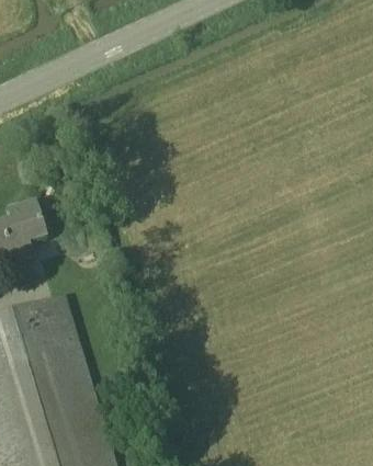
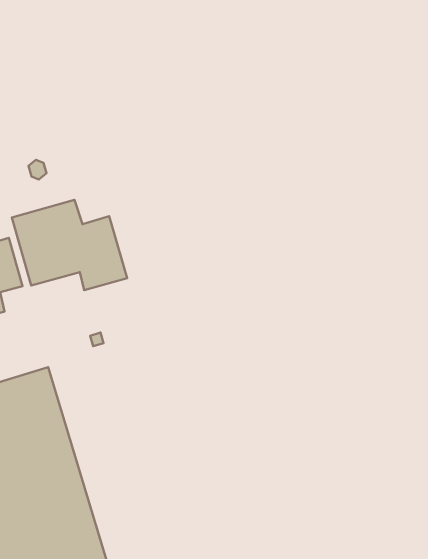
building: none -> [12,200,127,290]

